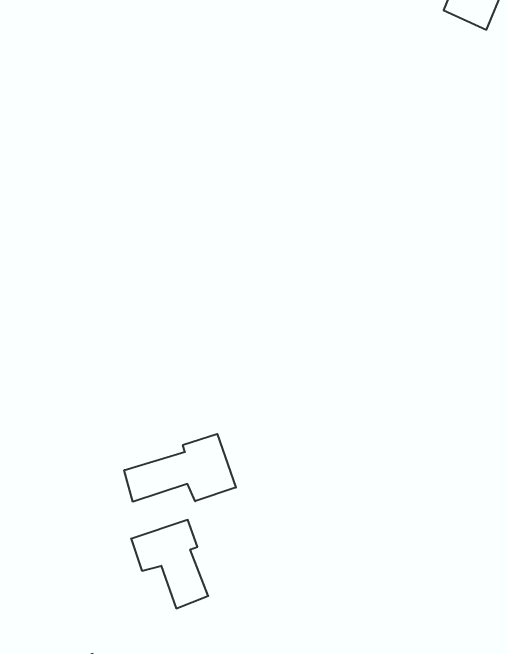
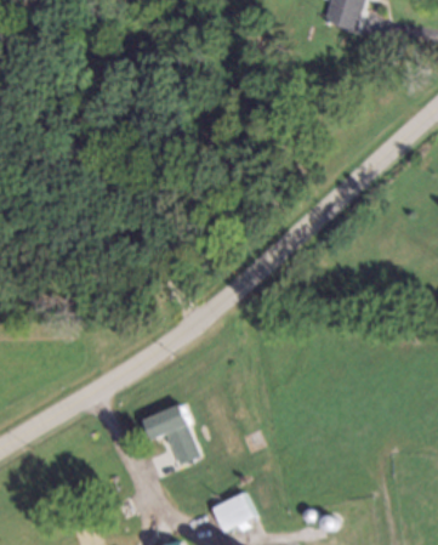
building: [124,434,236,502] -> none

